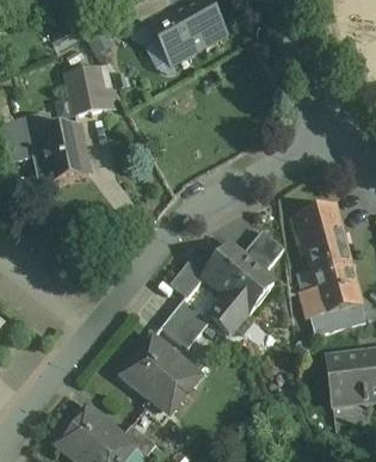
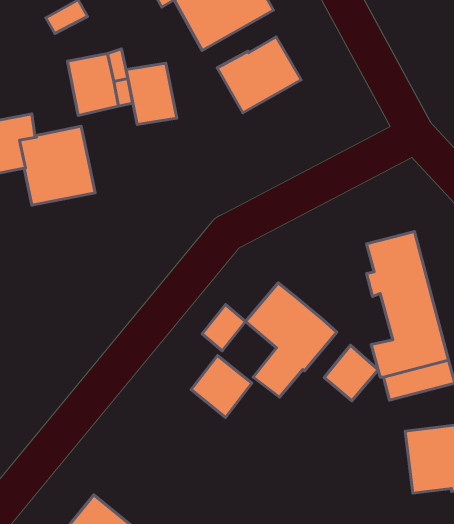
building: none -> [217,37,301,113]
building: none -> [126,63,177,124]
building: [241,227,283,270] -> [324,345,378,401]
building: [122,335,198,406] -> none

